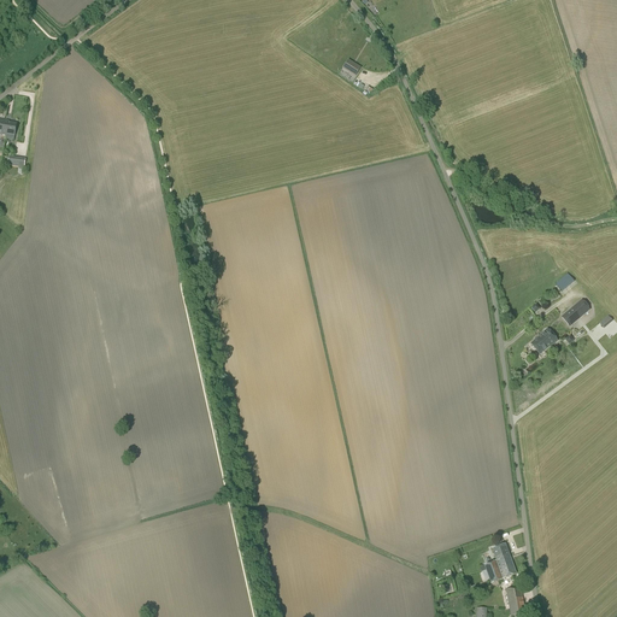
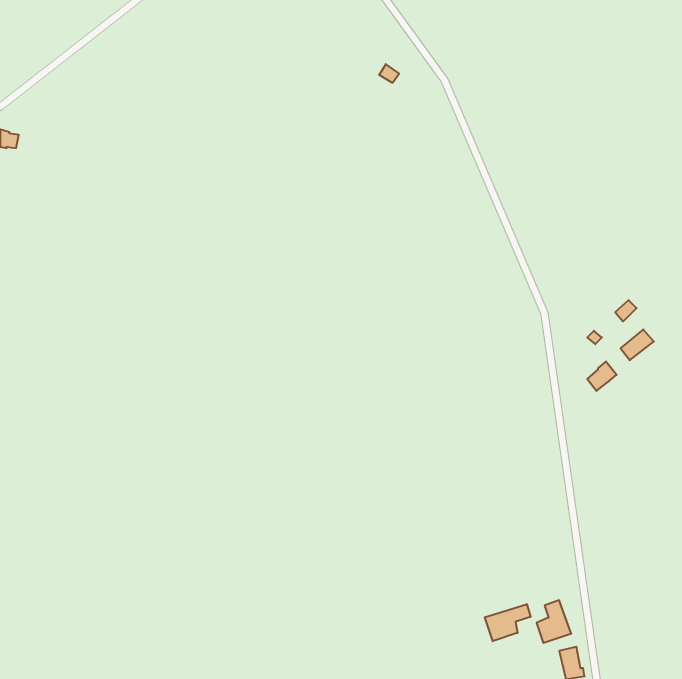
building: none -> [485,604,531,641]

